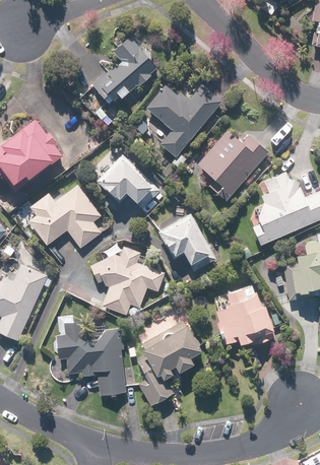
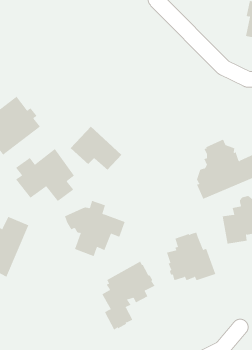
building: [93,37,157,104] -> none
building: [145,84,221,156] -> none
building: [197,131,268,201] -> none
building: [156,213,216,271] -> none
building: [56,320,127,394] -> none

